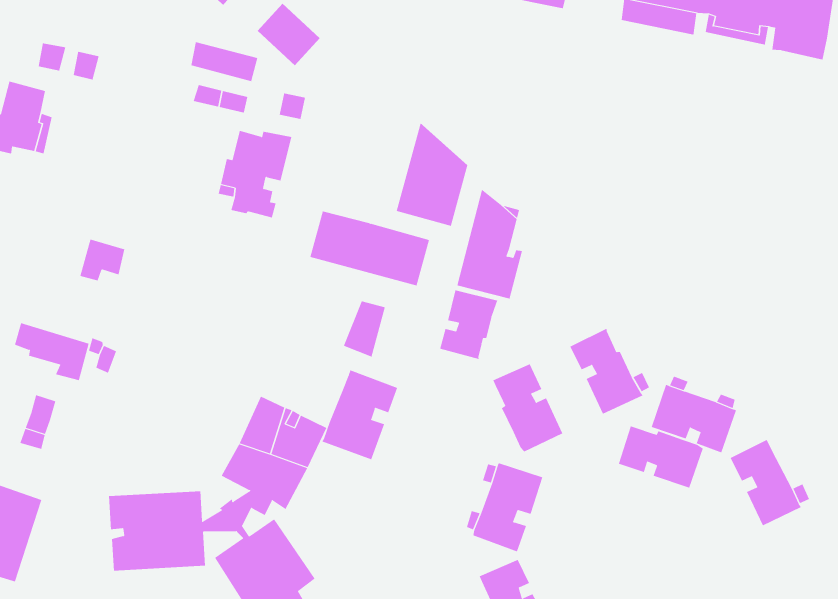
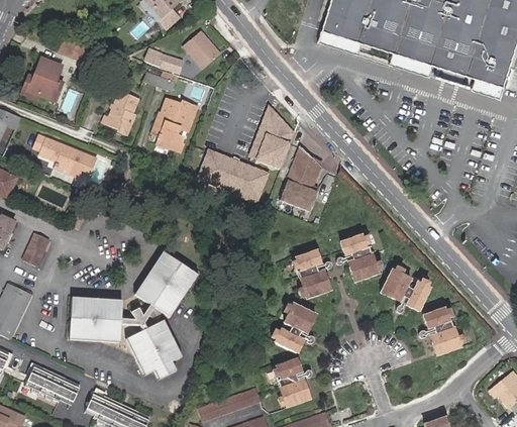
building: none -> [107,92,138,134]
building: [440,289,498,360] -> none
building: [343,301,386,357] -> none
building: [14,323,90,381] -> [34,135,77,172]
building: [321,370,398,460] -> none
building: [618,425,703,488] -> none

